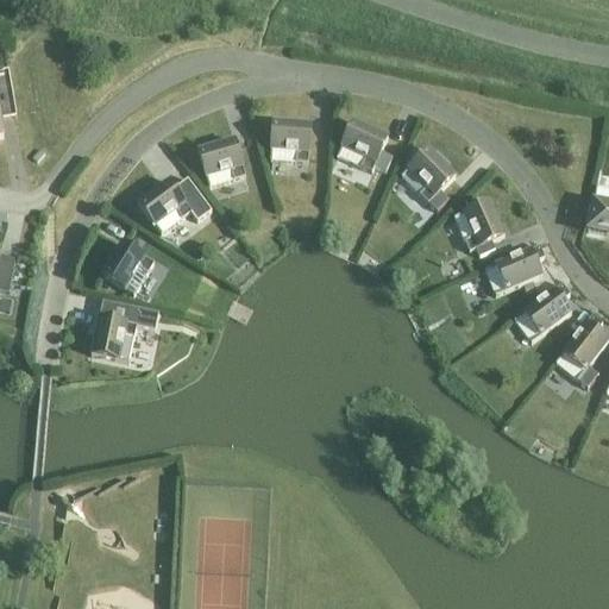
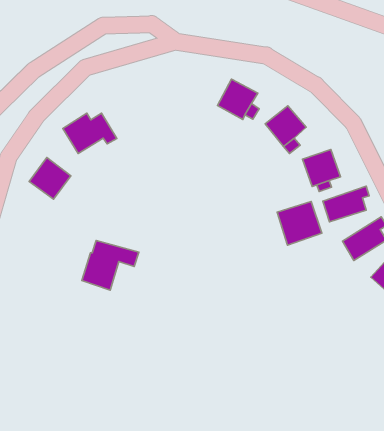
building: [269,120,310,161] -> none
building: [197,138,245,186] -> none
building: none -> [277,201,322,245]
building: [90,299,162,362] -> [82,240,139,290]

